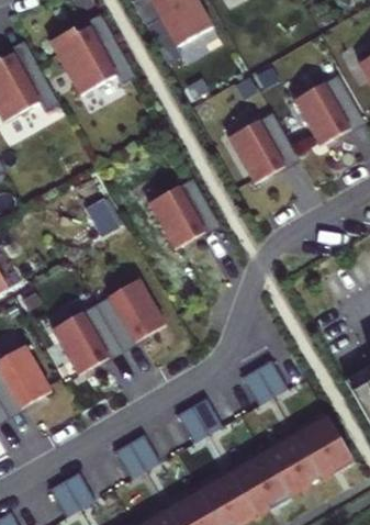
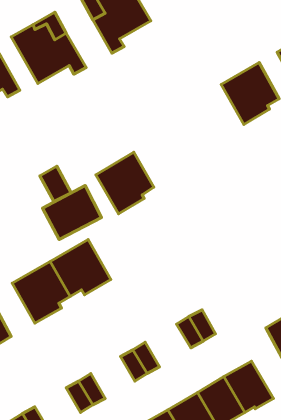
building: [227,112,295,182] -> none
building: none -> [42,185,101,239]

